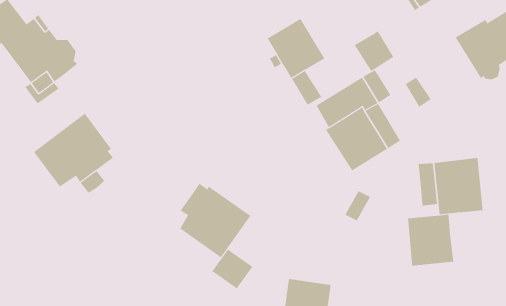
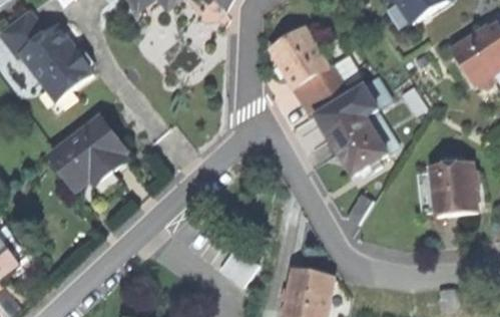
building: [354,30,394,72] -> [307,63,345,102]
building: [179,183,251,258] -> none
building: [408,214,454,266] -> none

